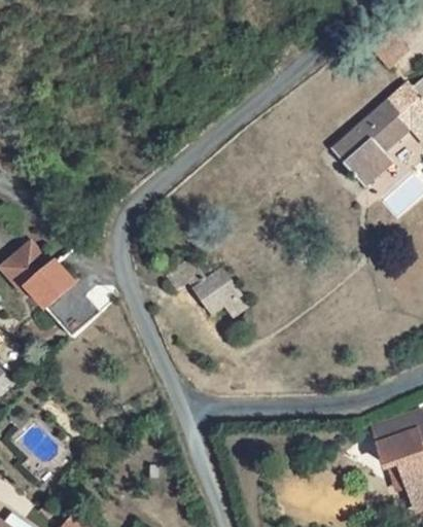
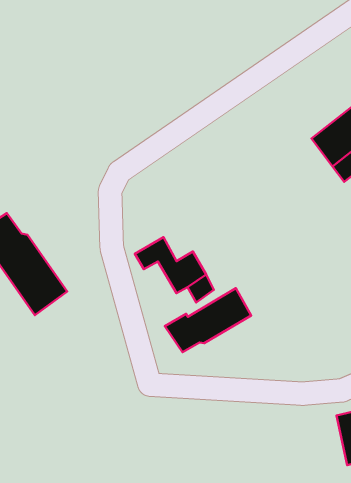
building: none -> [165,288,251,352]

